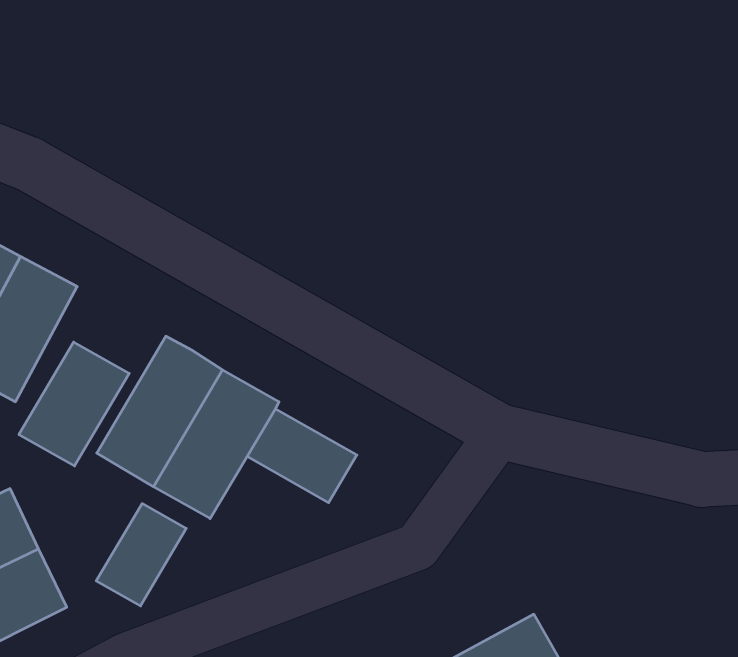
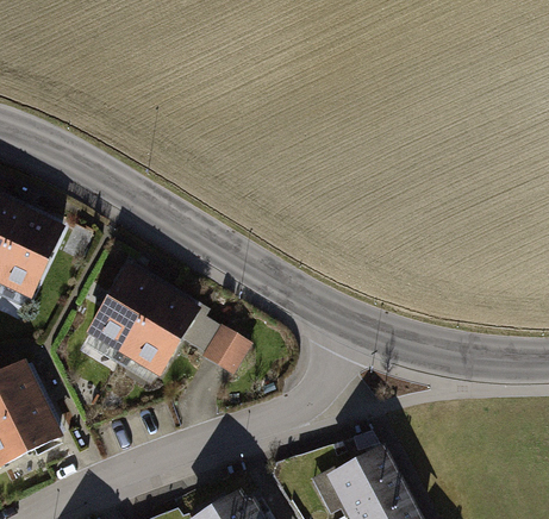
building: [19,342,129,466] -> none
building: [96,504,186,606] -> none

